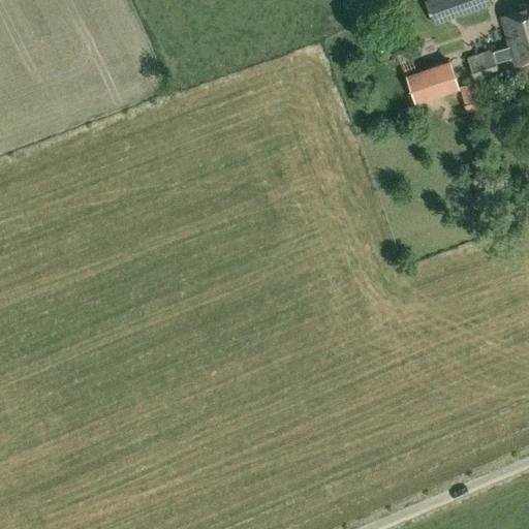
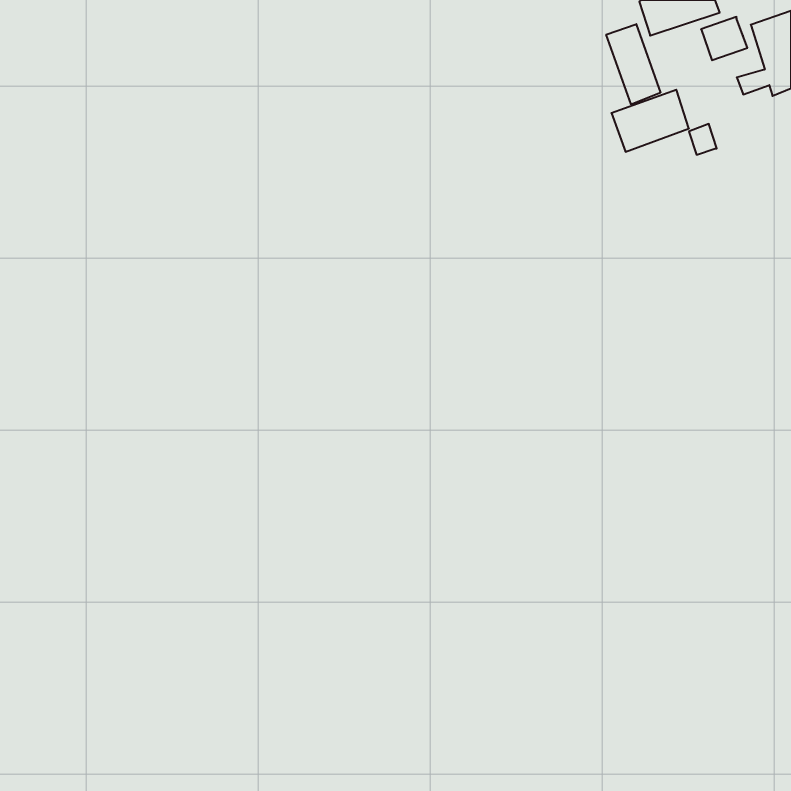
building: none -> [606,24,660,105]
building: [468,51,499,80] -> [701,17,747,60]

